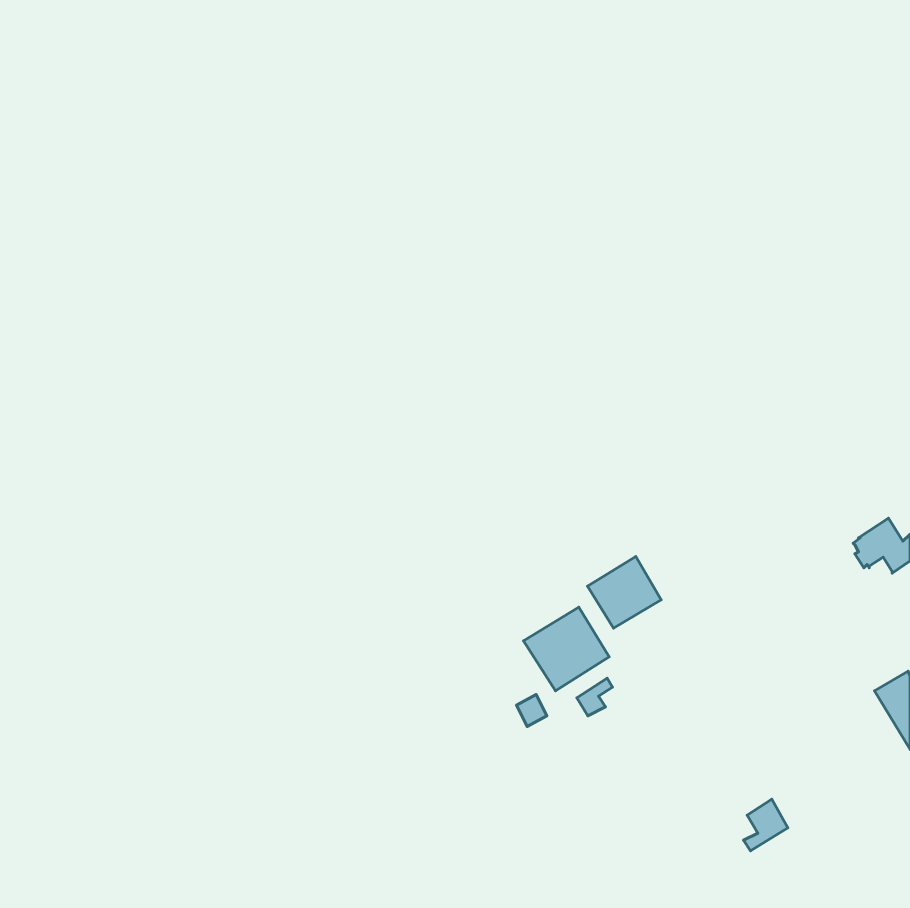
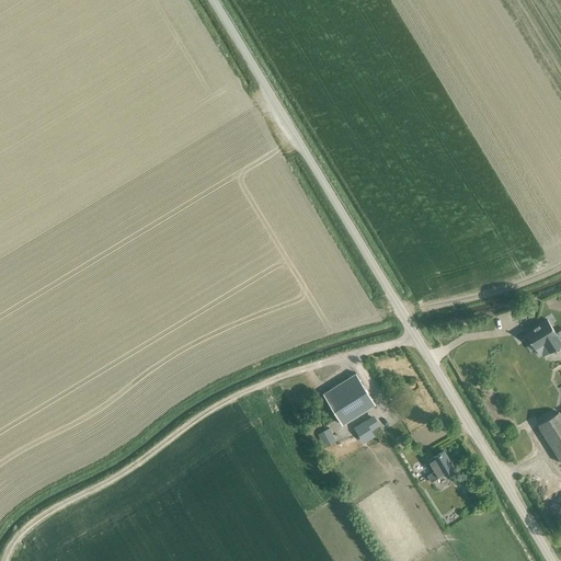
building: [587,556,661,628] -> none
building: [743,799,788,851] -> [426,451,454,483]

